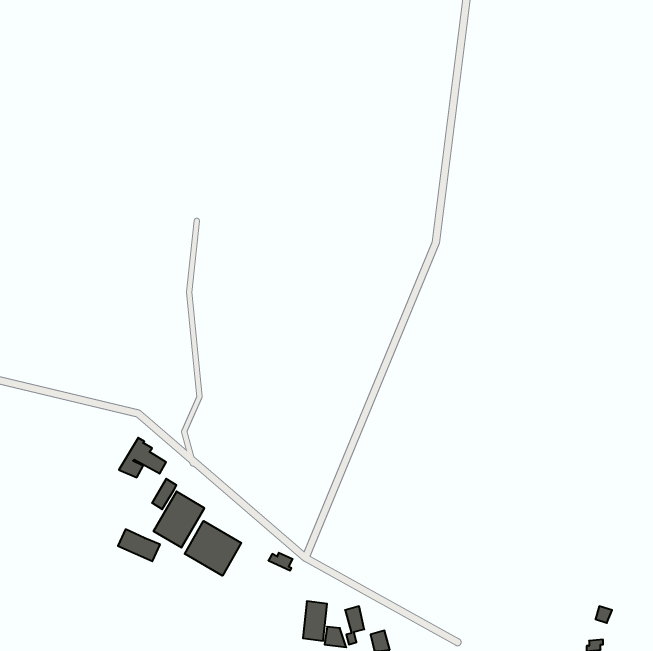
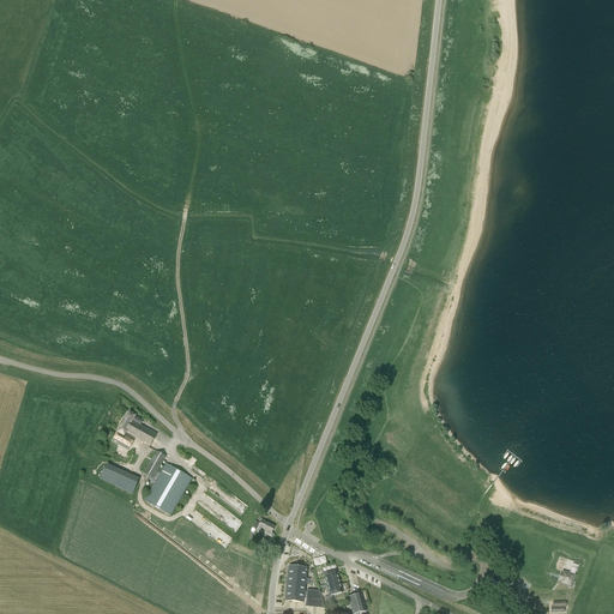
building: [185,521,241,576] -> none
building: [118,529,160,561] -> [100,463,139,493]

